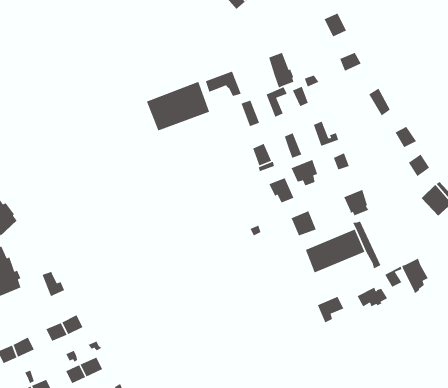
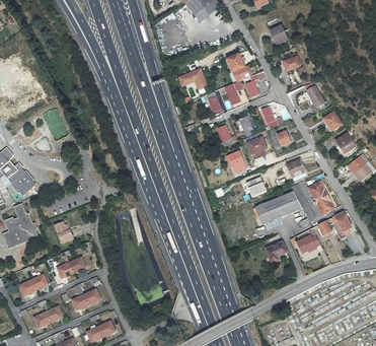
building: [146,81,210,131] -> none
building: none -> [308,182,333,215]

